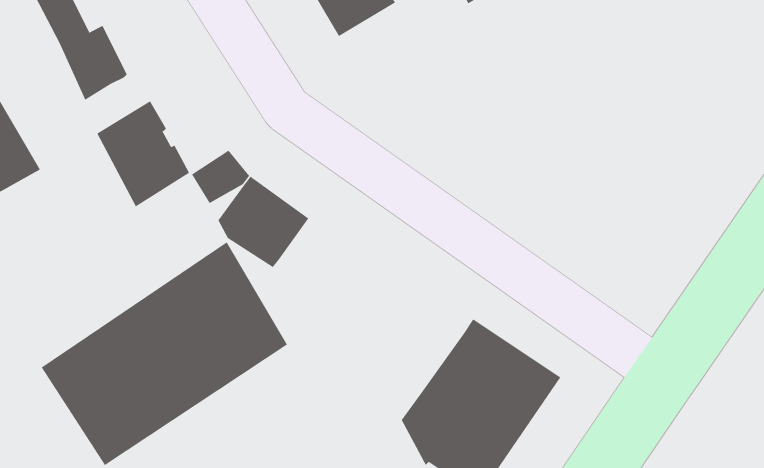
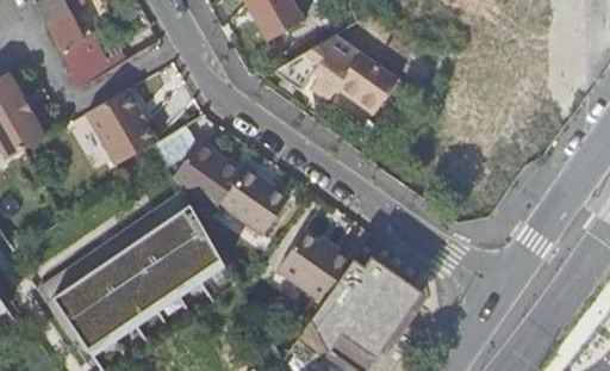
building: none -> [273,33,399,111]
building: none -> [220,167,292,235]
building: none -> [278,230,354,301]

